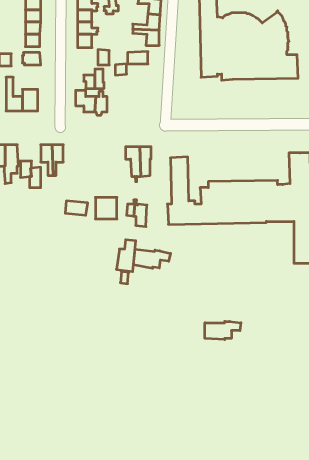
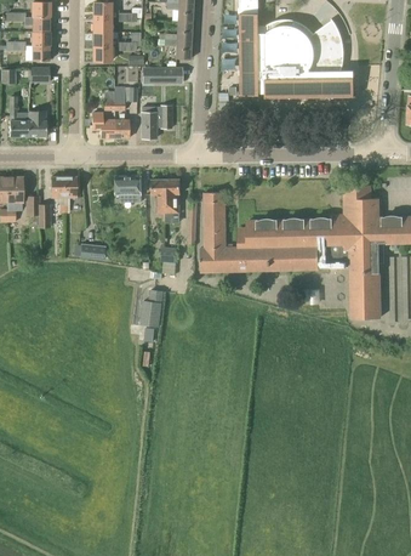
building: none -> [141,104,171,137]
building: [95,197,117,219] -> [115,175,141,200]
building: [133,249,171,268] -> none
building: [205,321,241,340] -> none

